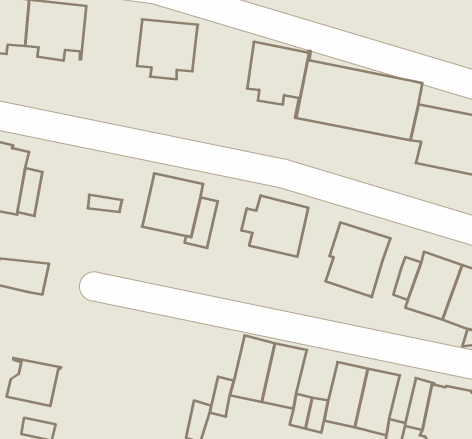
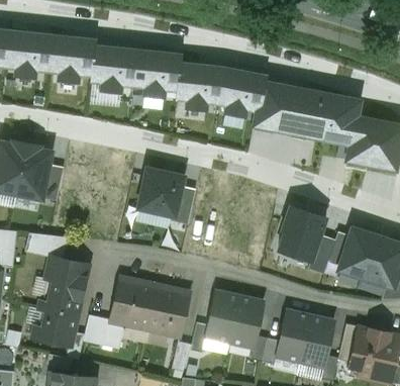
building: none -> [92,39,138,91]
building: none -> [177,62,223,108]
building: [242,195,308,257] -> none
building: none -> [308,233,335,273]
building: none -> [40,257,88,314]
building: none -> [109,276,191,335]
building: none -> [84,314,123,348]

